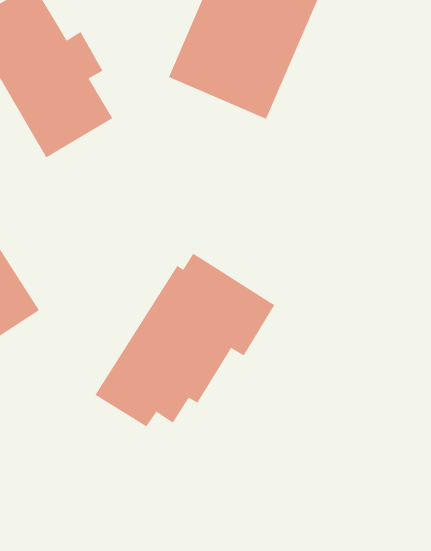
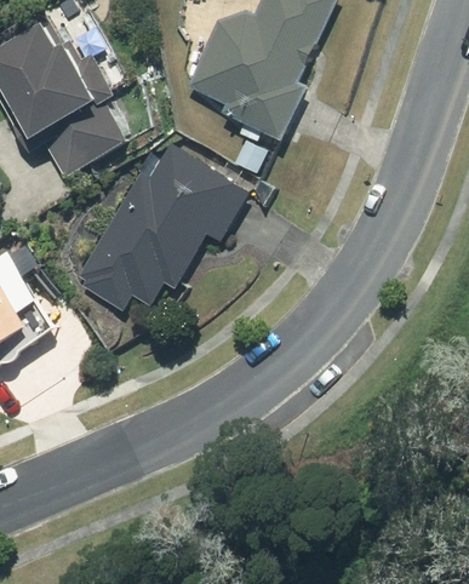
building: [95,253,275,427] -> [72,143,247,313]

